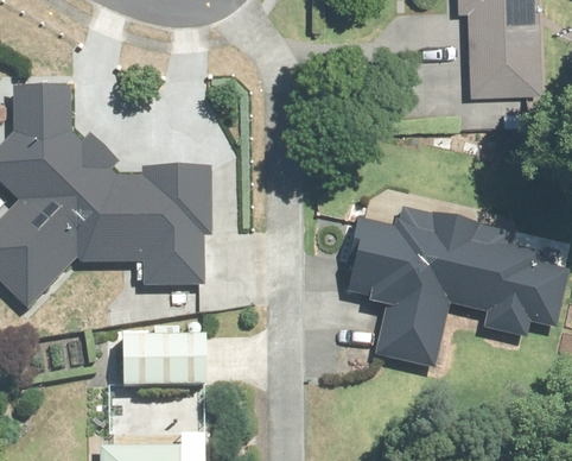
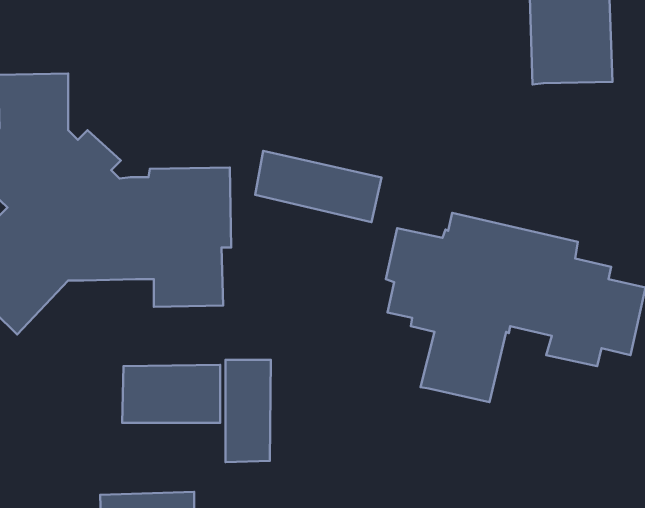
building: none -> [255,151,382,222]
building: none -> [225,360,271,462]

